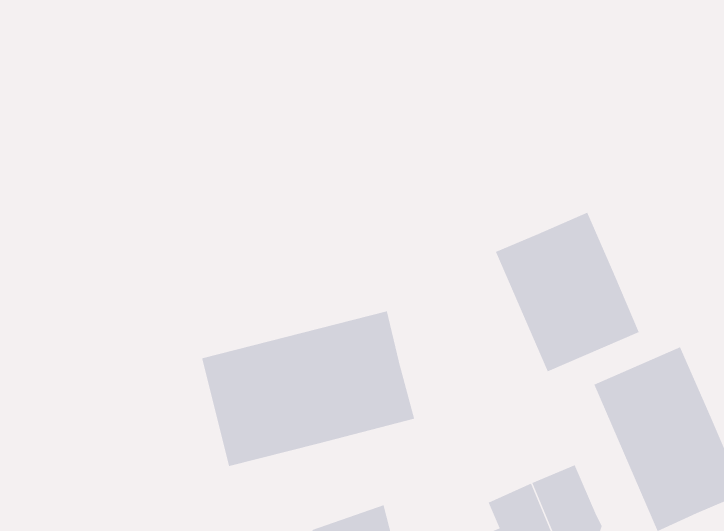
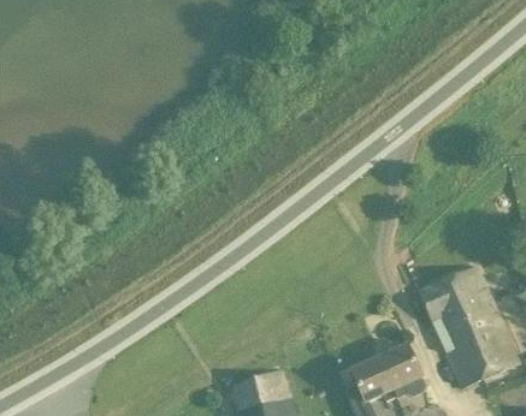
building: [495,212,640,372] -> none
building: [201,310,415,467] -> none

